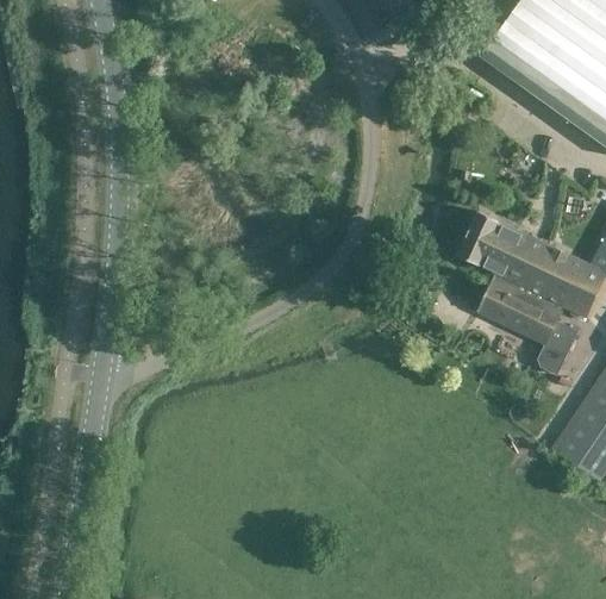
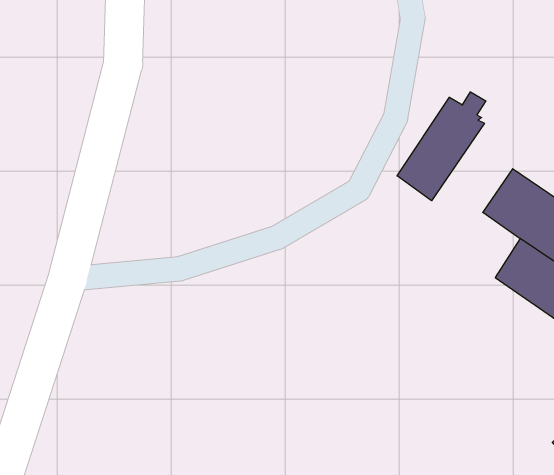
building: none -> [397,92,486,201]

